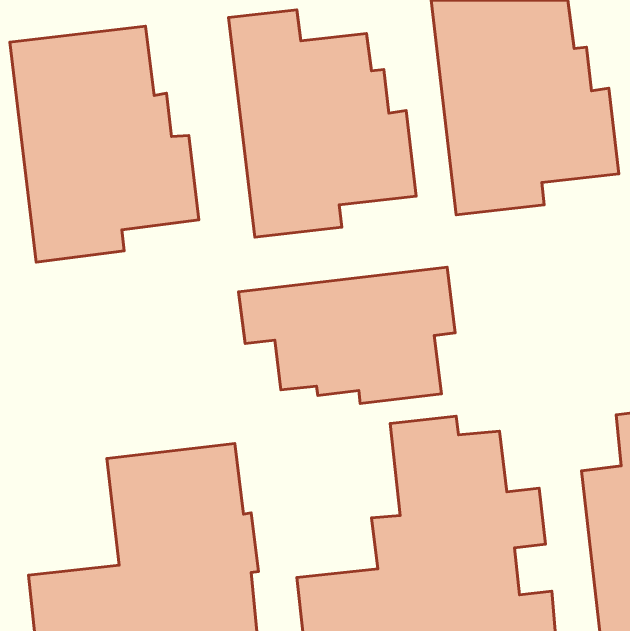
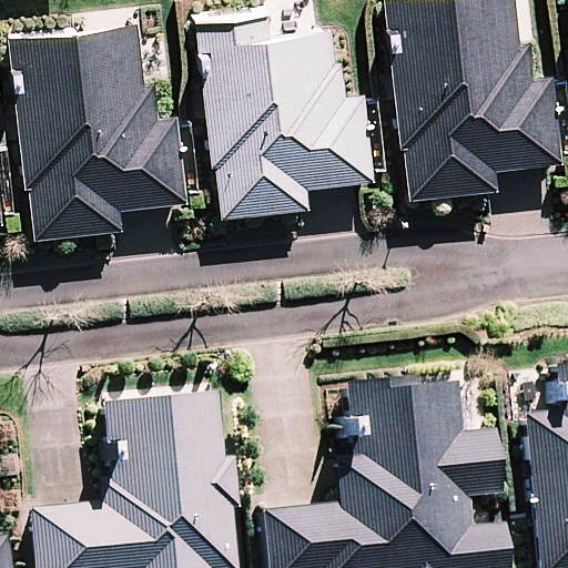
building: [238,267,455,404] -> none

